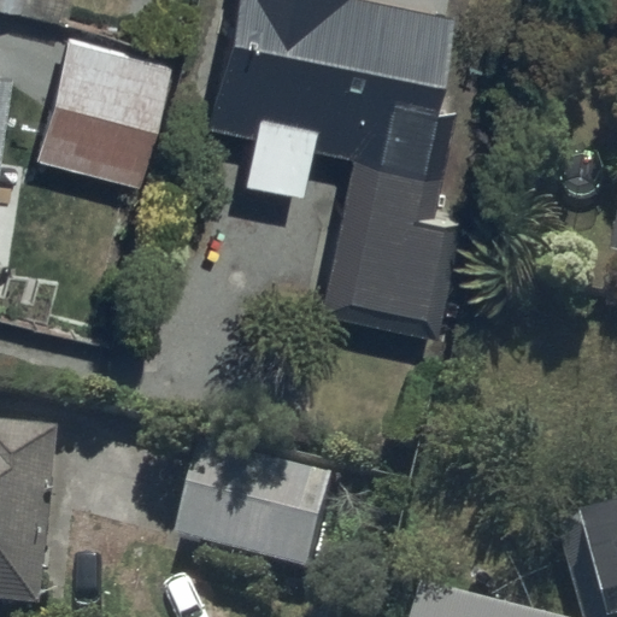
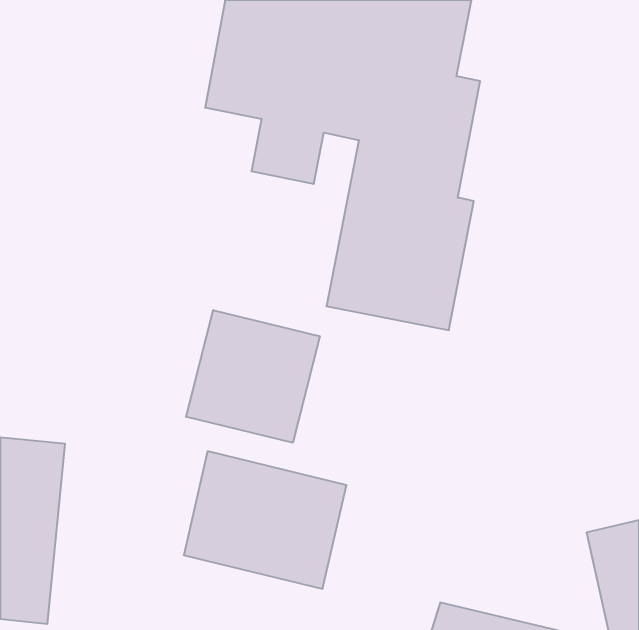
building: [34,30,172,175] -> none
building: none -> [186,310,320,443]

